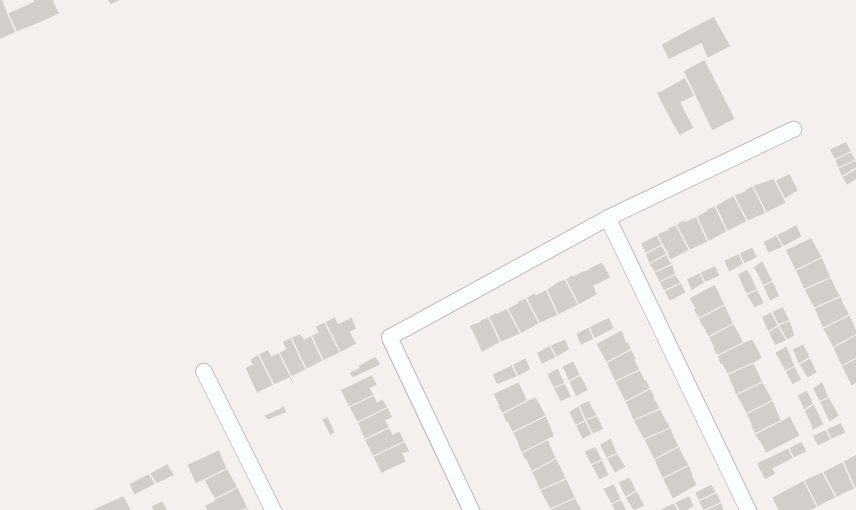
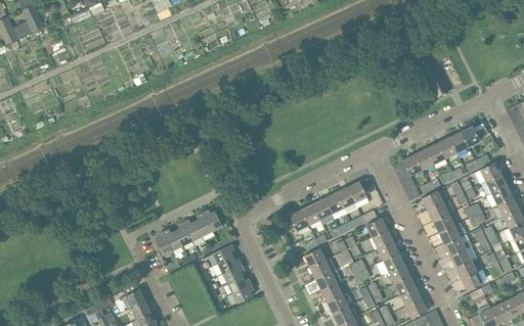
building: [661,15,731,60] -> none
building: [656,77,695,136] -> none

